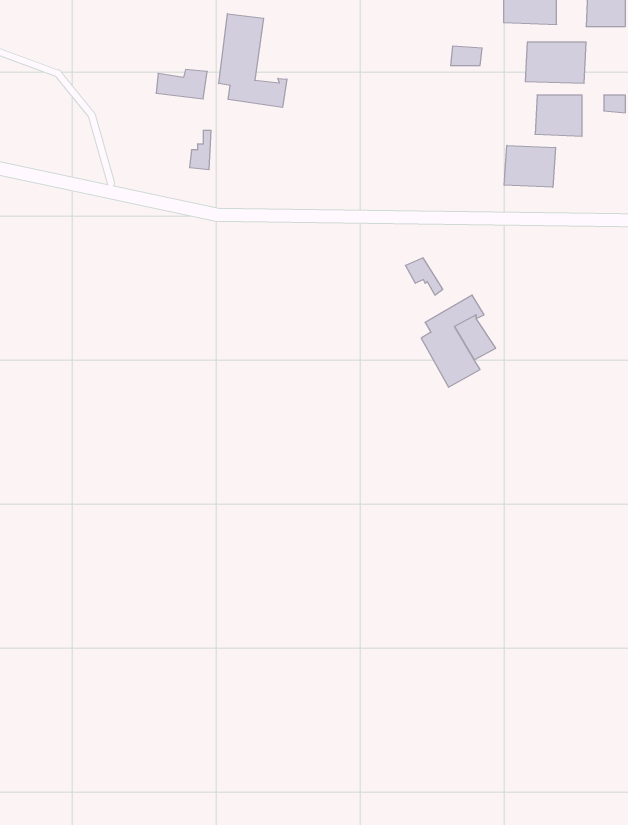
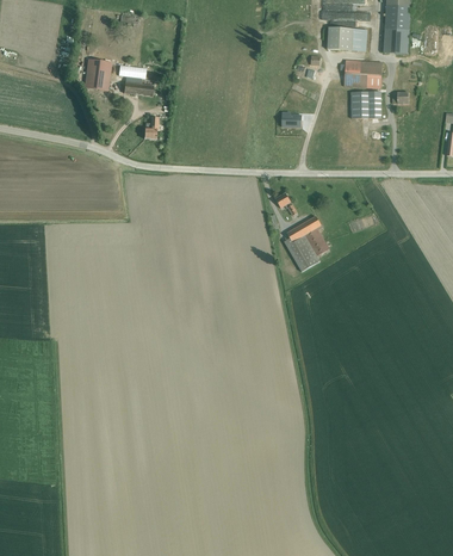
building: [219,14,287,107] -> none
building: none -> [83,57,111,89]
building: [504,145,555,187] -> none

